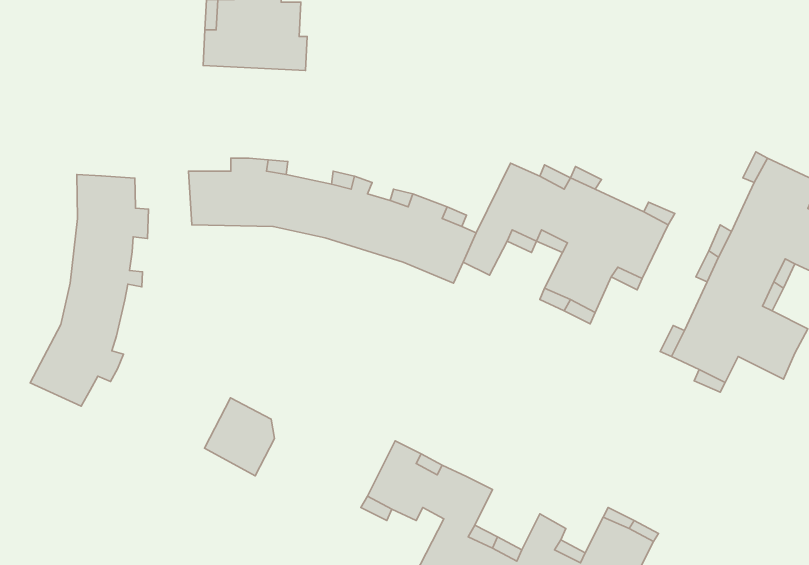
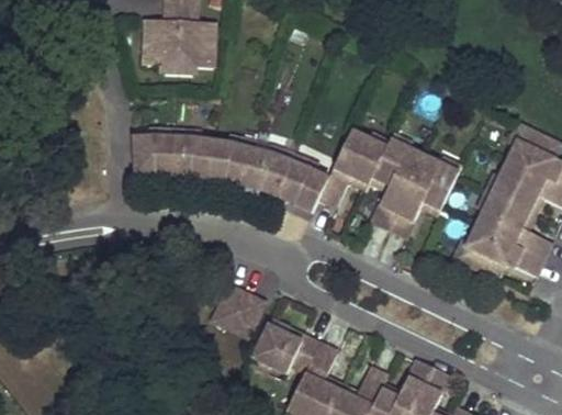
building: [30,174,149,406] -> none
building: [205,398,275,476] -> [215,282,262,335]

